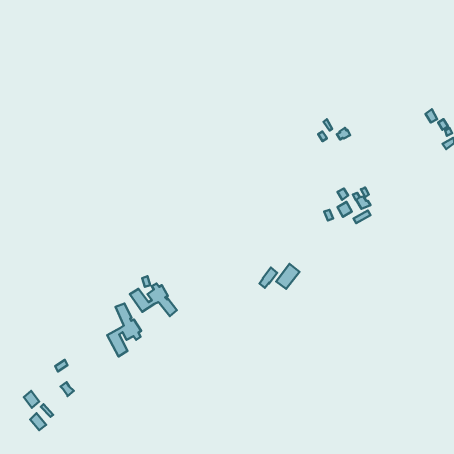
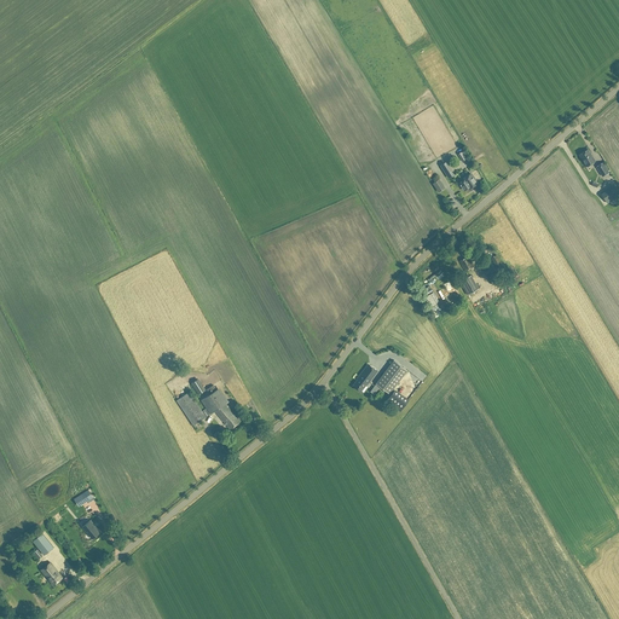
building: [107,303,141,357] -> none

